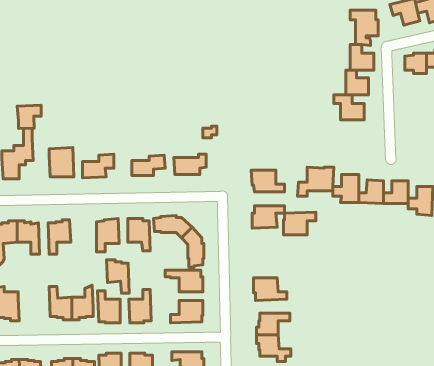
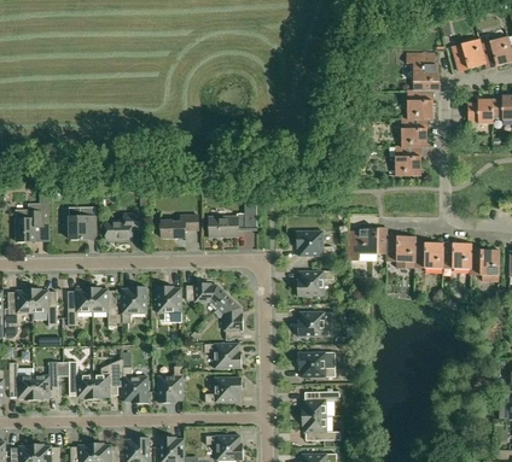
building: [17,105,41,128] -> none
building: [283,212,316,235] -> [297,311,333,337]
building: [107,260,129,293] -> [91,287,116,324]
building: none -> [33,362,57,400]

